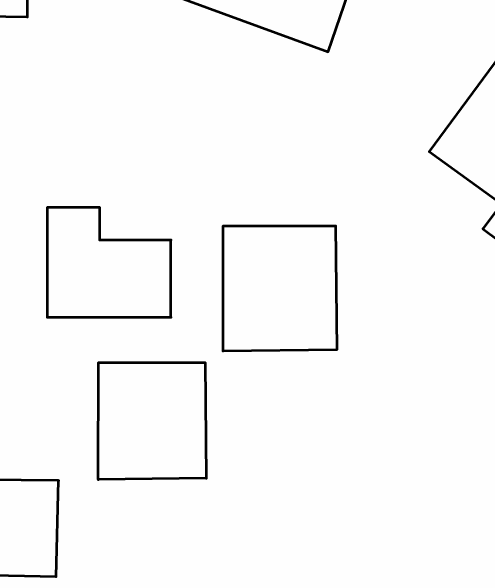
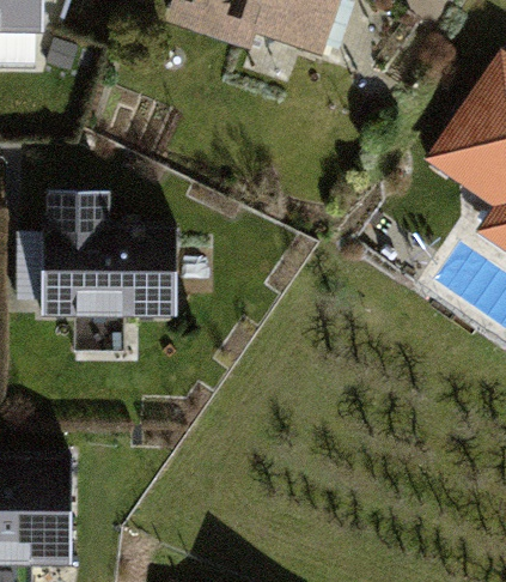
building: [223,226,337,351] -> none
building: [98,363,206,480] -> none

